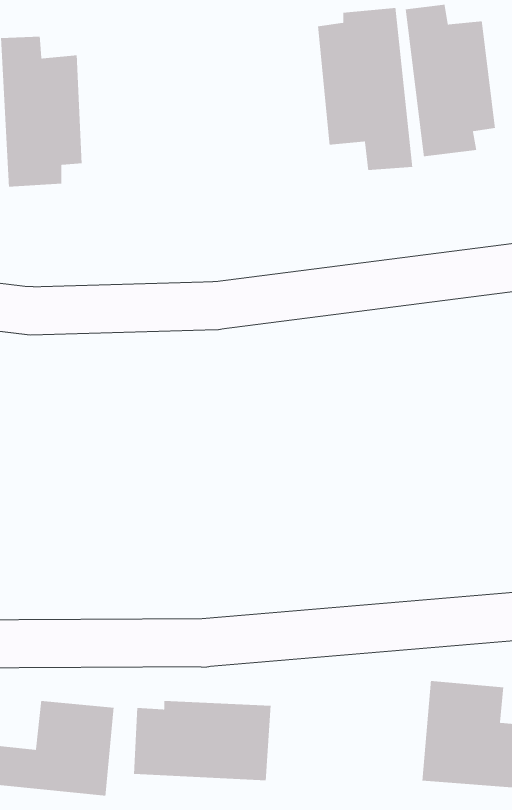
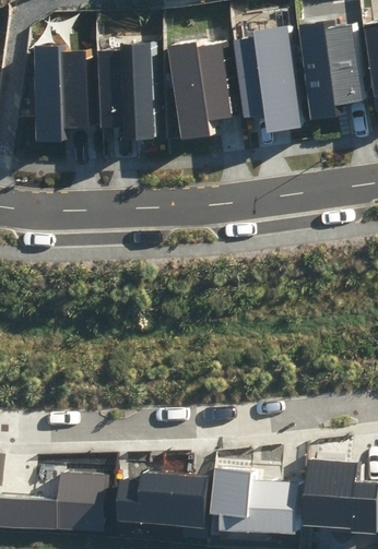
building: none -> [102,40,154,139]
building: none -> [169,40,228,140]
building: none -> [213,470,296,532]

